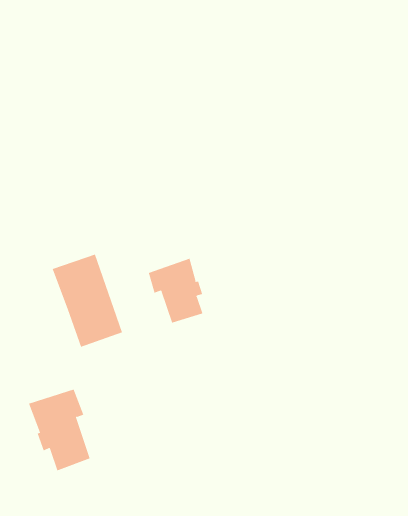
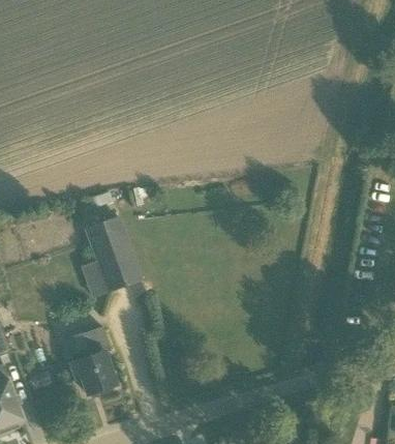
building: [148,258,203,324] -> none

